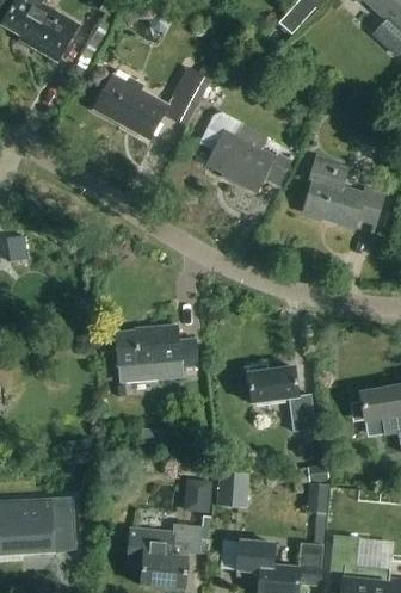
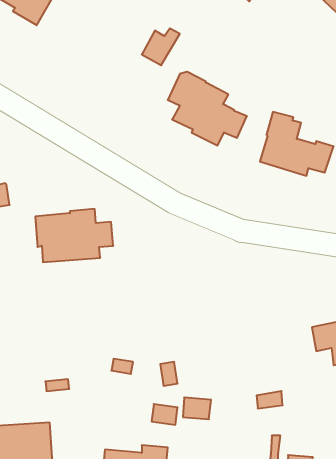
building: [94,76,167,138] -> none
building: [111,325,197,383] -> [35,209,113,262]
building: [247,363,315,431] -> none

